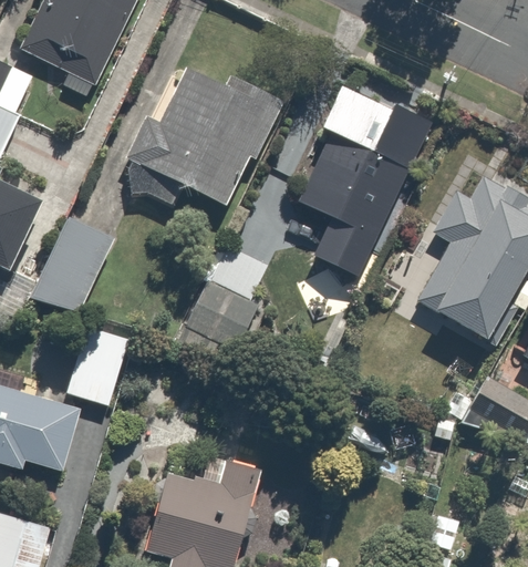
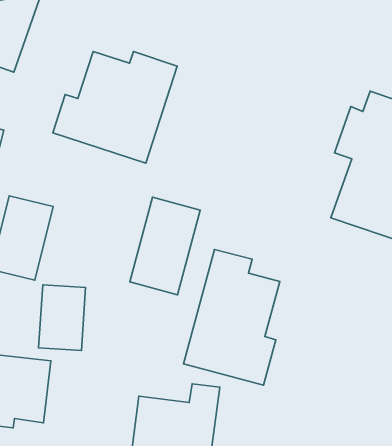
building: [290,83,429,277] -> none
building: none -> [184,249,280,385]

